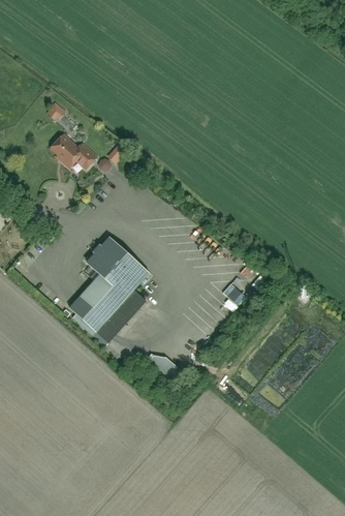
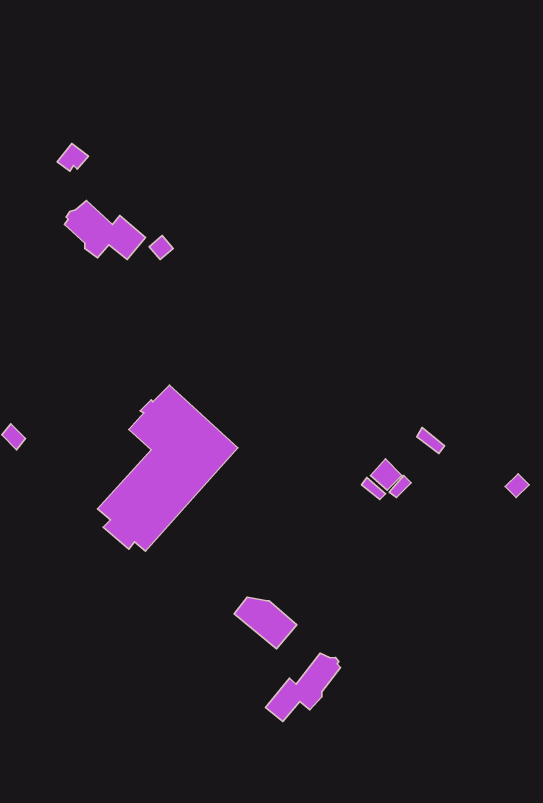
building: none -> [266,653,341,722]

